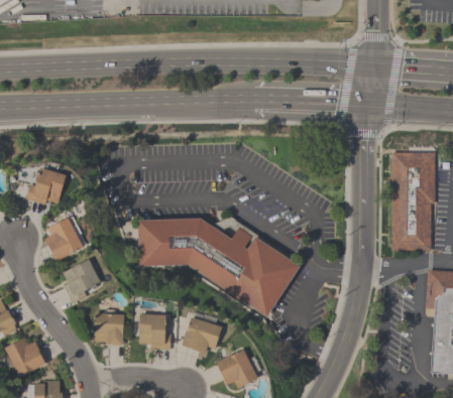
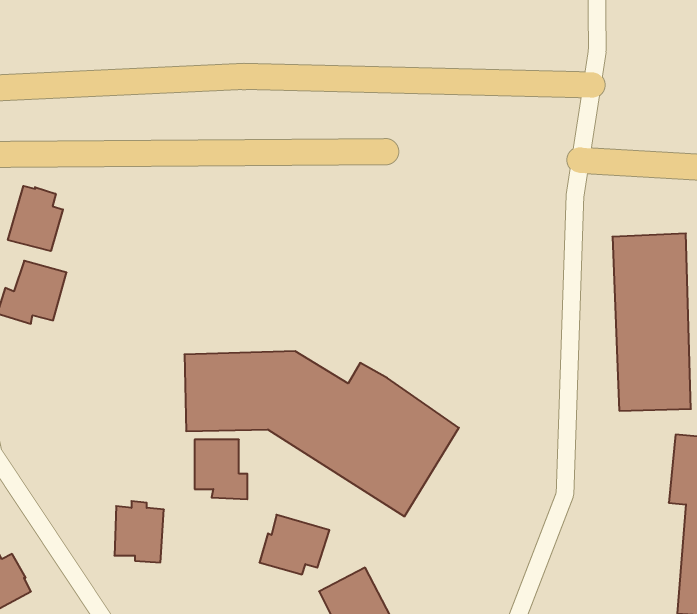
building: none -> [8,186,63,251]
building: [44,216,83,260] -> none
building: [63,258,101,302] -> none
building: [139,313,171,349] -> [195,440,247,499]

